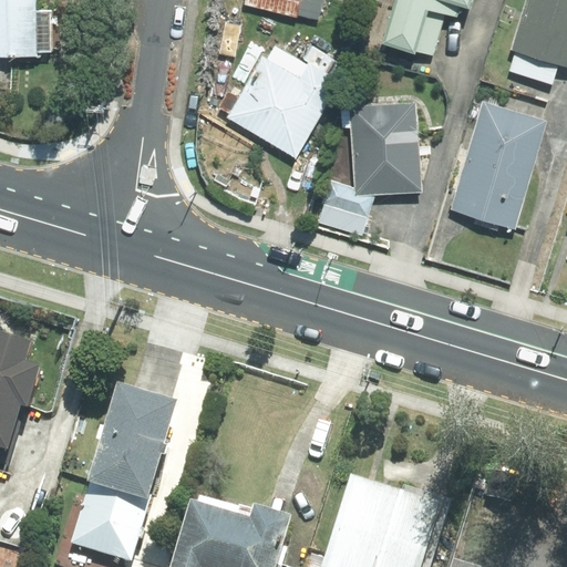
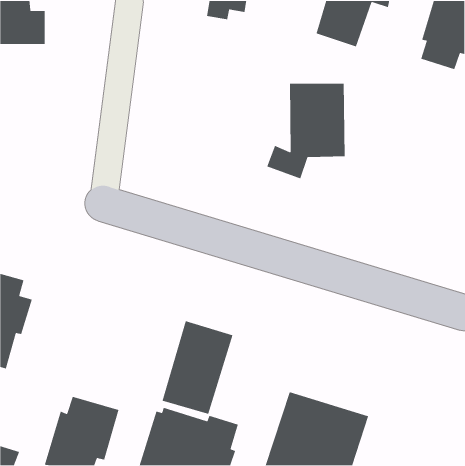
building: [227,43,349,159] -> none
building: [452,102,546,230] -> none
building: [87,382,175,497] -> [161,320,233,415]

